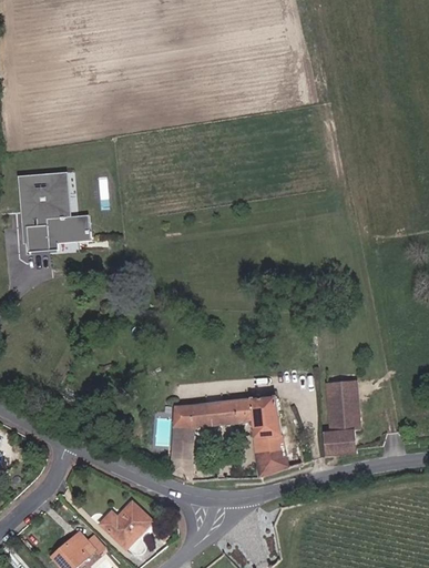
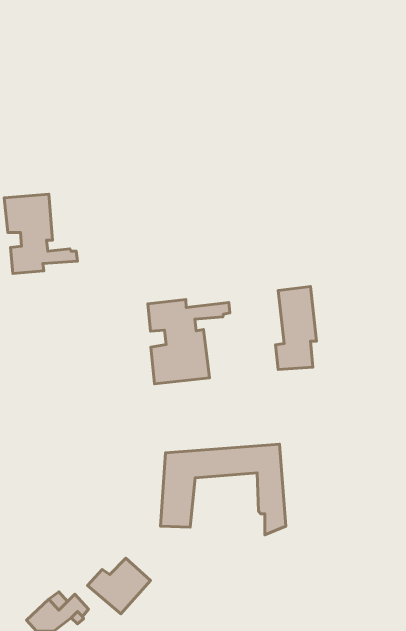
building: none -> [148,300,230,384]
building: [319,379,356,454] -> [276,287,317,370]

